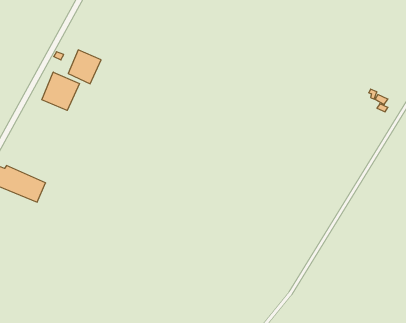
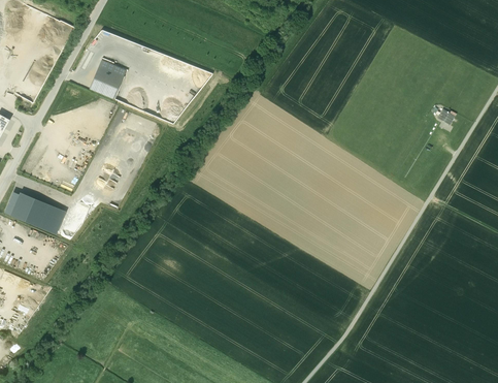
building: [42,72,79,110] -> none

